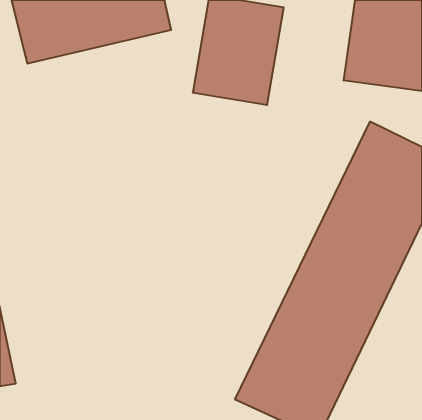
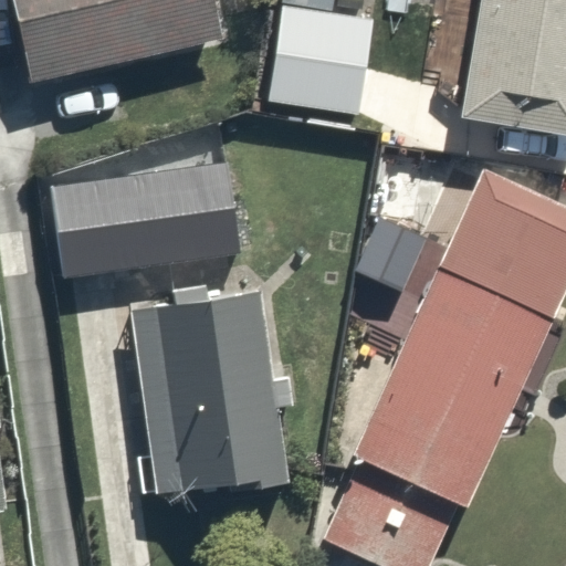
building: none -> [49,154,253,262]
building: none -> [129,289,283,489]

